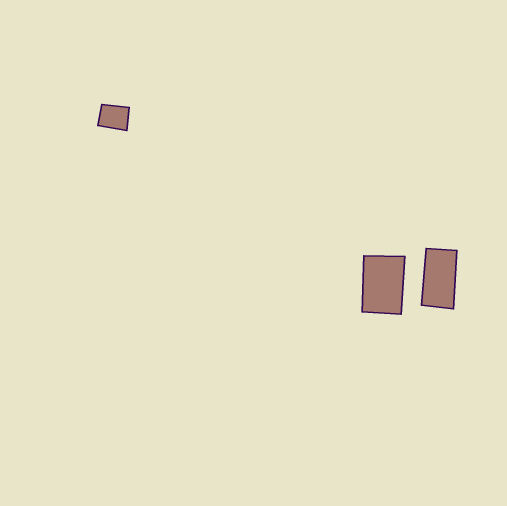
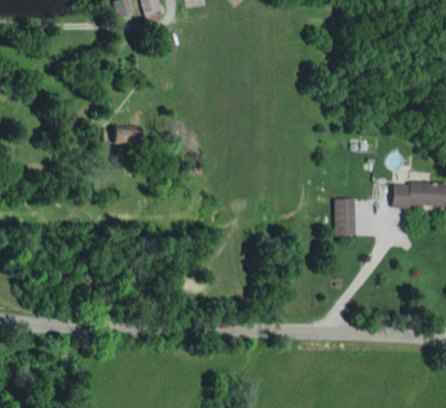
building: [362,256,405,314] -> none

